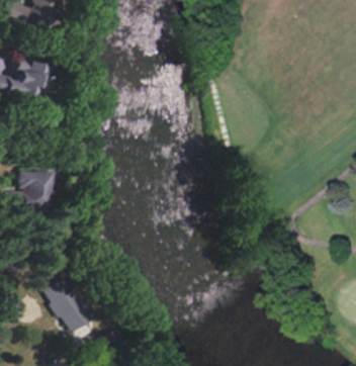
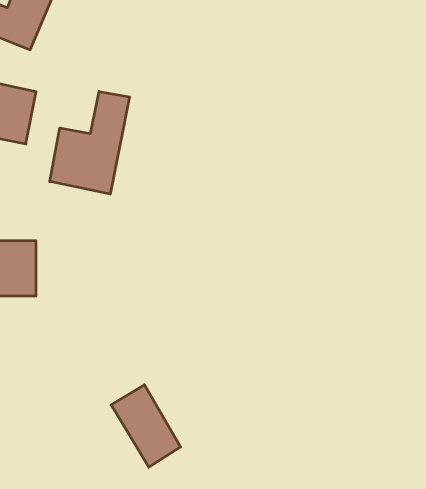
building: none -> [50,91,130,194]
building: [45,275,93,333] -> [111,385,181,467]

